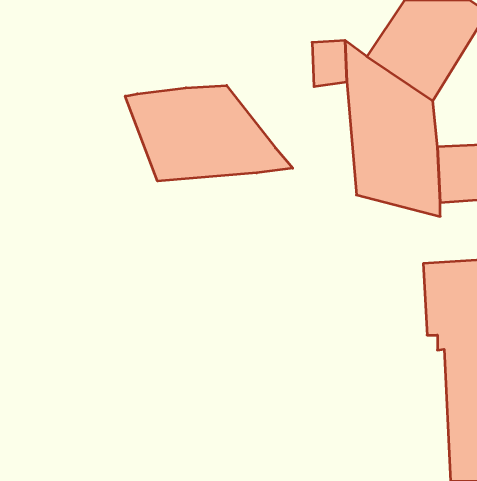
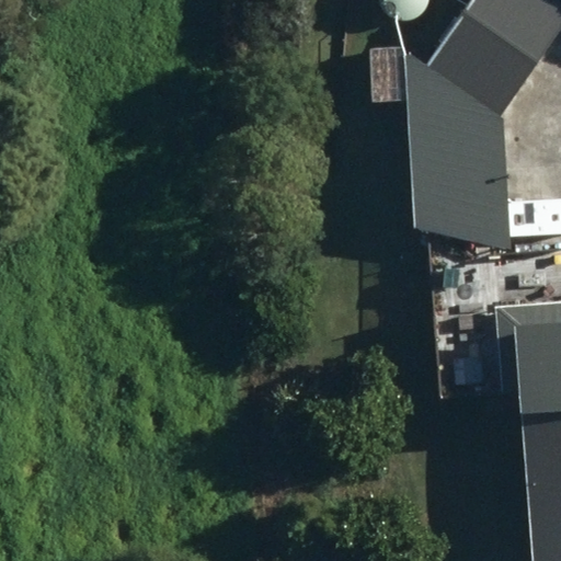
building: [125,85,293,181] -> none

